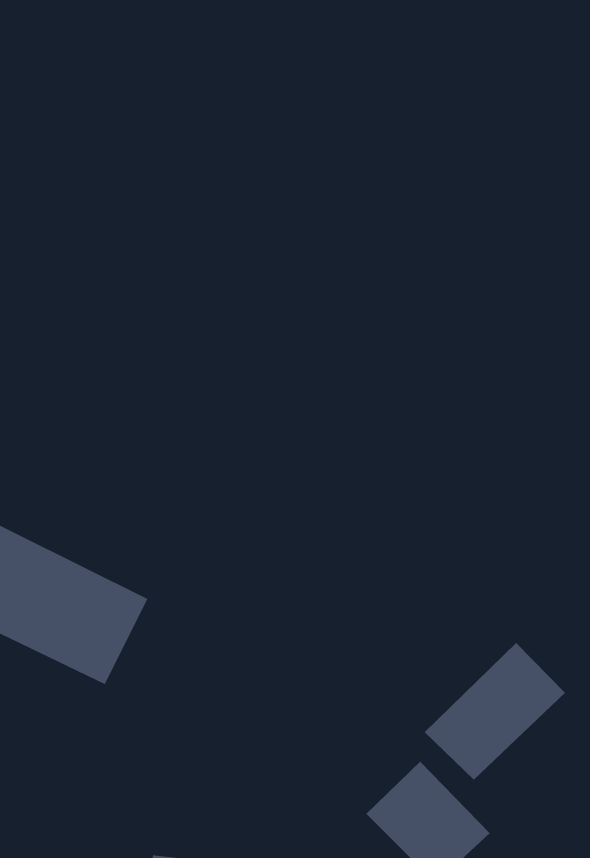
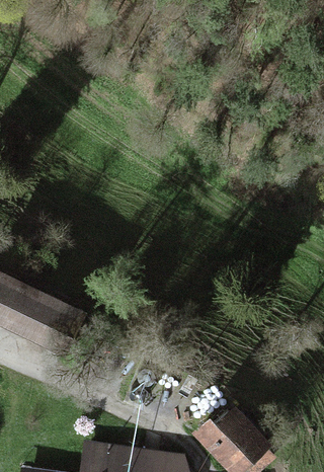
building: [424,642,566,781] -> none

